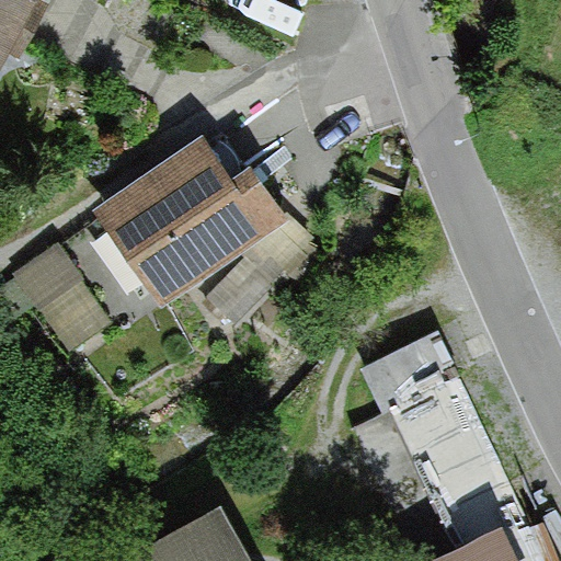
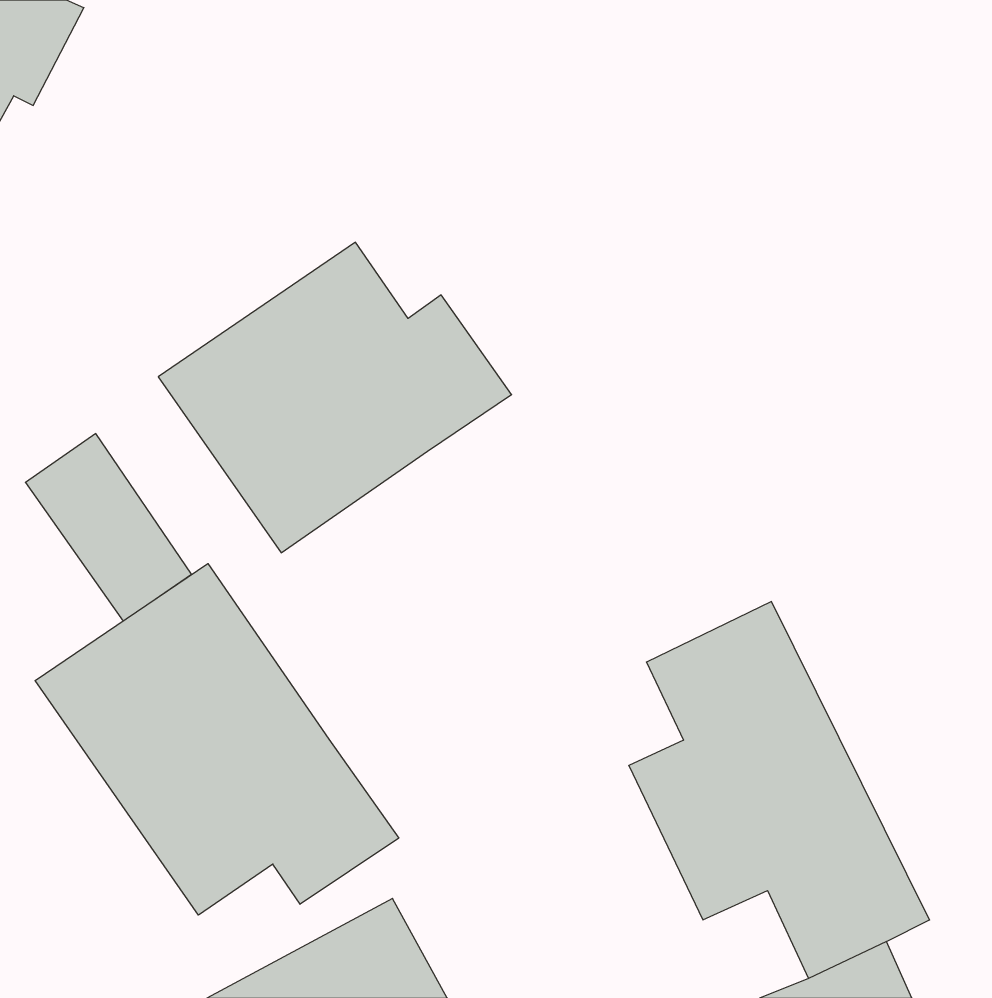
building: [204,217,320,329] -> none
building: none -> [35,564,399,915]

